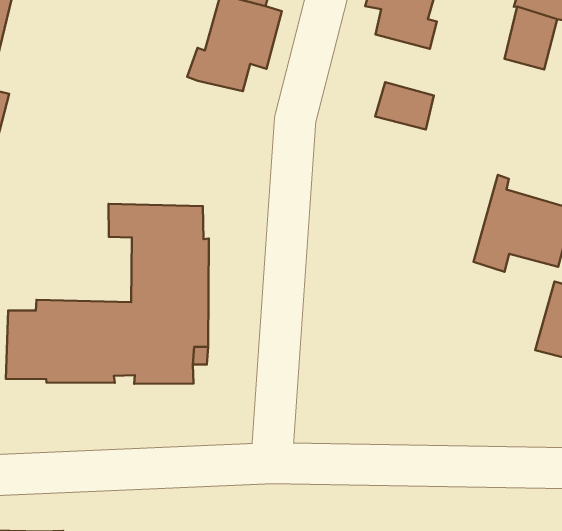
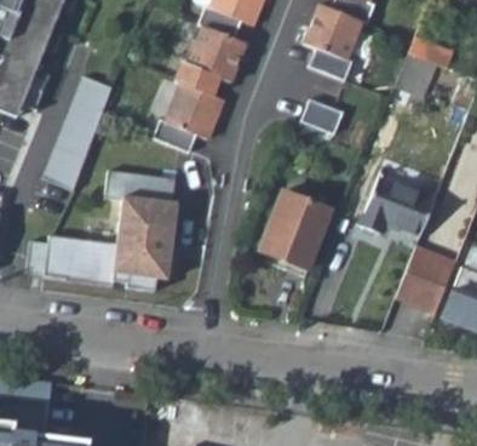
building: none -> [51,65,119,179]
building: none -> [153,84,224,151]
building: none -> [260,195,332,280]

